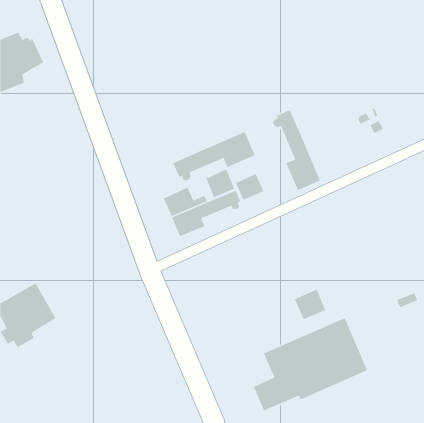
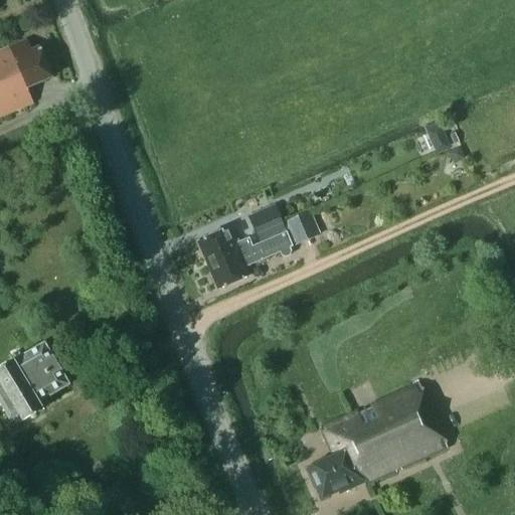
building: [272,109,321,191] -> none
building: [172,131,256,181] -> none
building: [294,289,326,320] -> none

